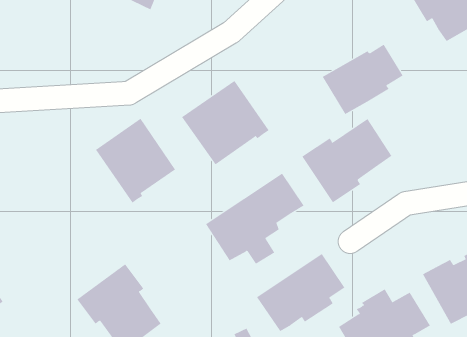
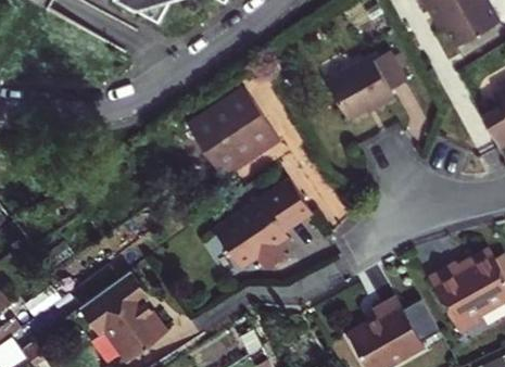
building: [95,118,176,203] -> none
building: [302,118,392,203] -> none
building: [256,253,345,332] -> none

